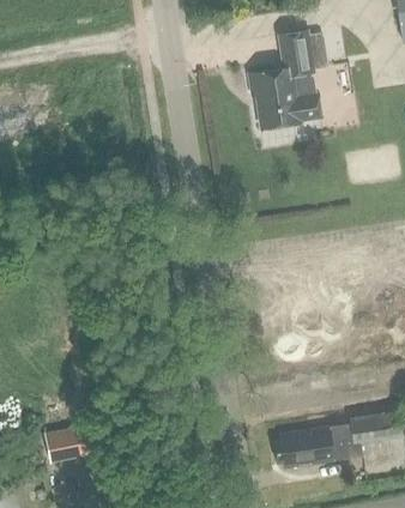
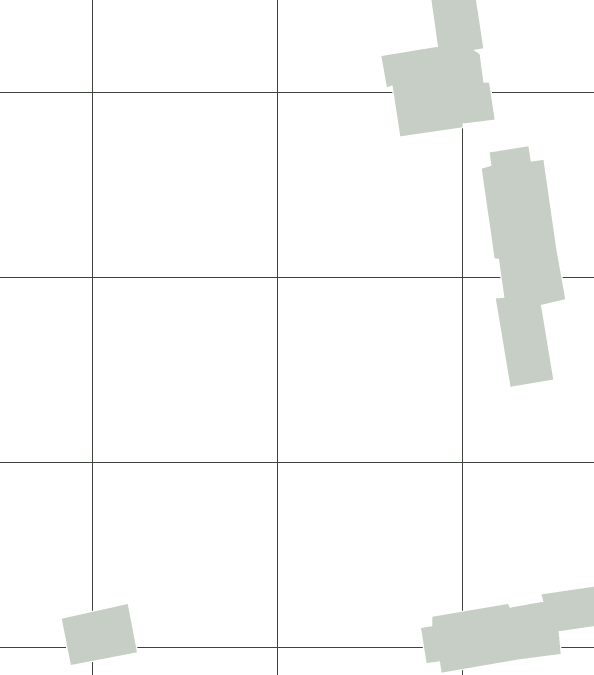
building: none -> [481,146,566,388]

